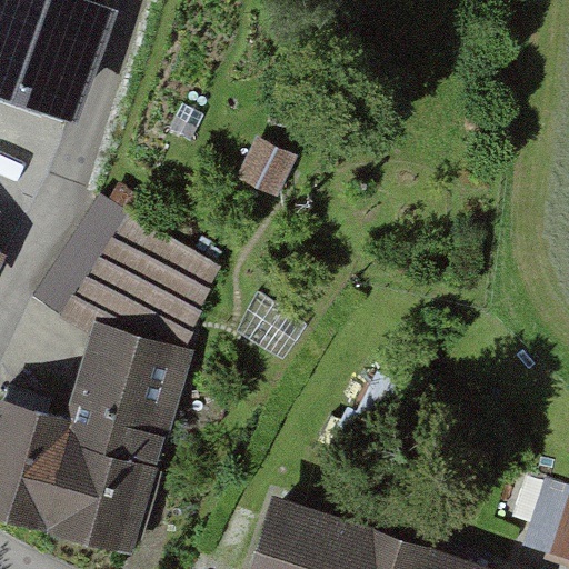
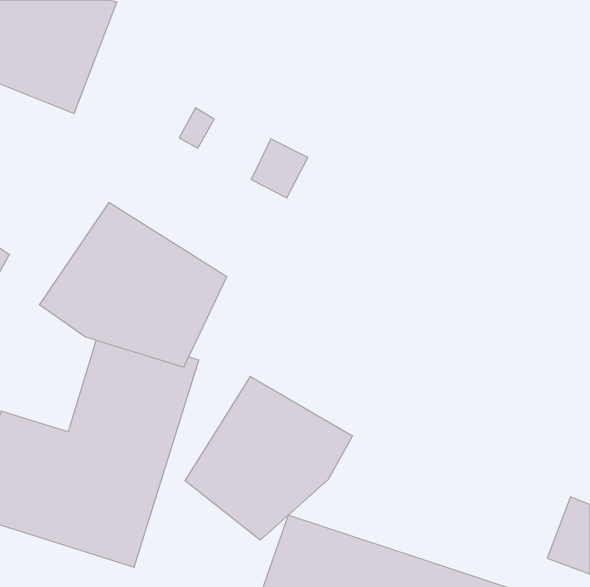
building: none -> [185,377,352,540]

